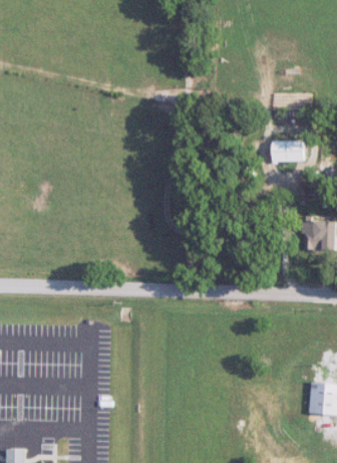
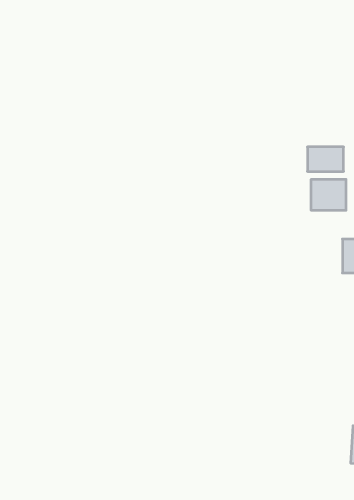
building: none -> [311,179,346,210]

